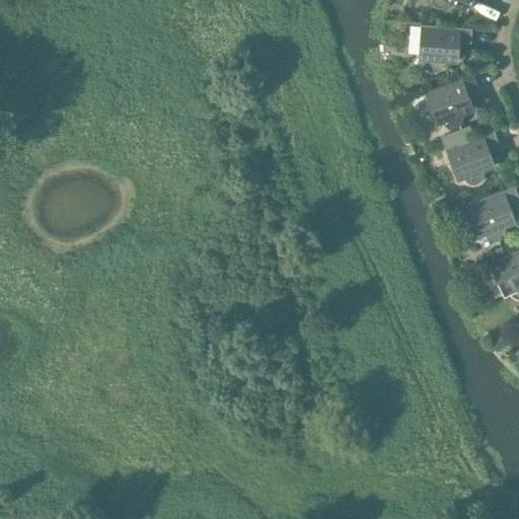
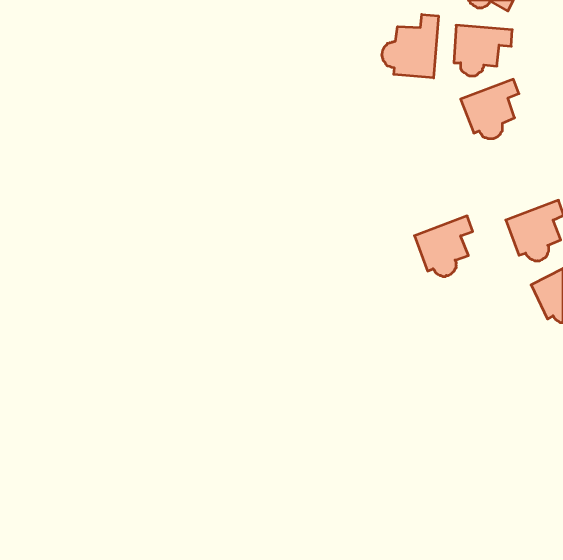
building: none -> [382,14,438,78]
building: [445,131,499,187] -> [414,216,473,277]

